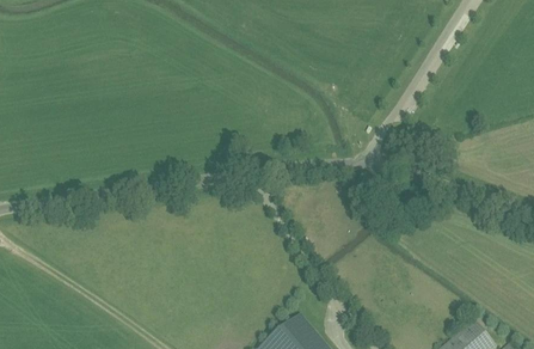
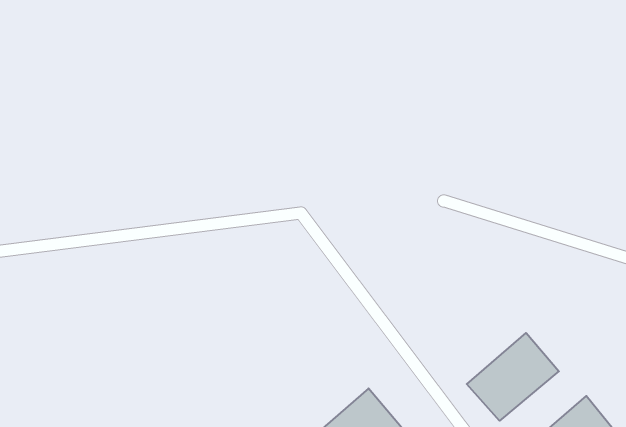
building: none -> [467,333,559,421]

